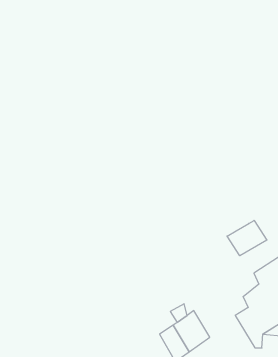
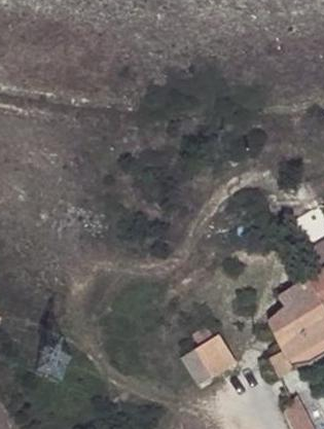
building: [227,220,267,256] -> none

